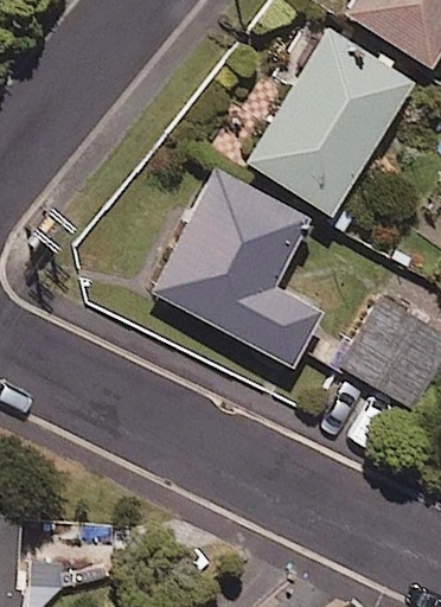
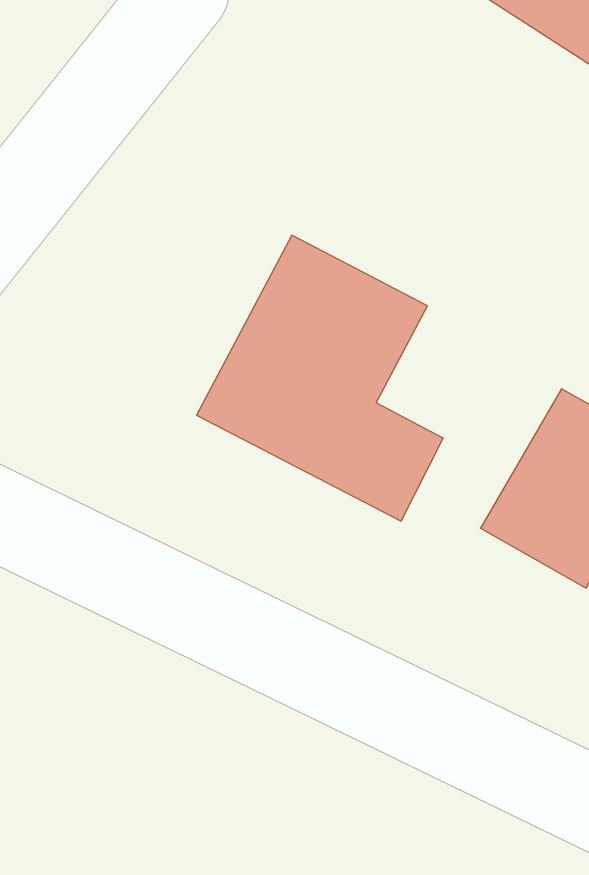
building: [248,32,411,213] -> none

